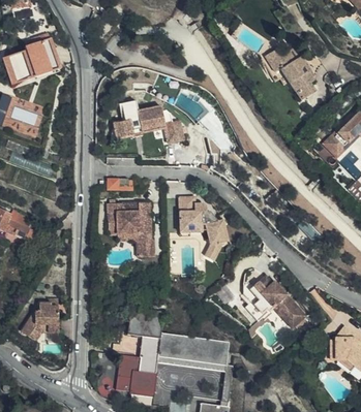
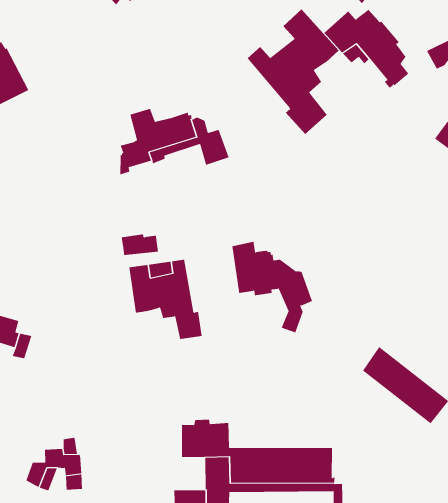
building: none -> [247,9,340,135]

